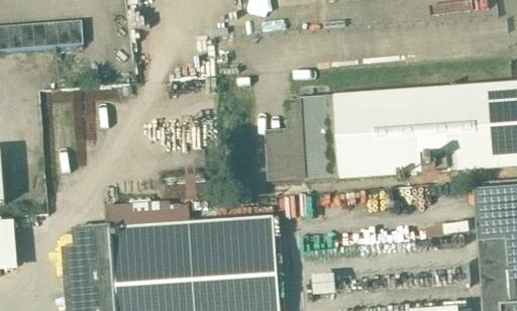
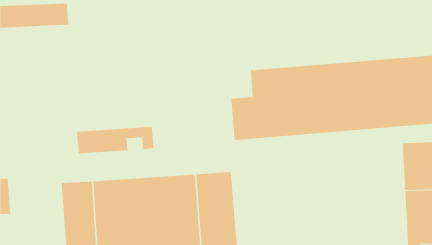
building: none -> [77,126,154,154]

